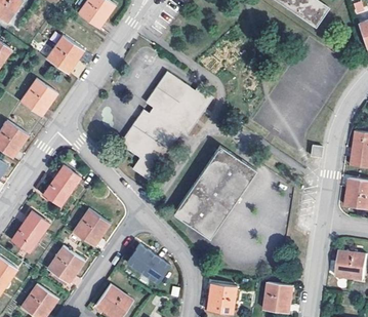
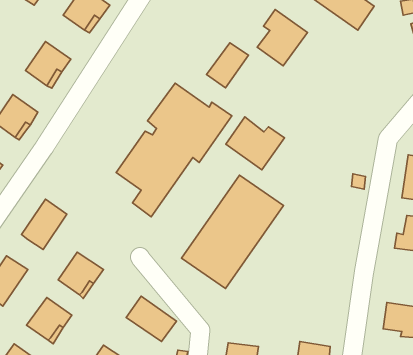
building: none -> [257,10,307,66]
building: none -> [206,43,248,88]
building: none -> [226,117,284,170]

